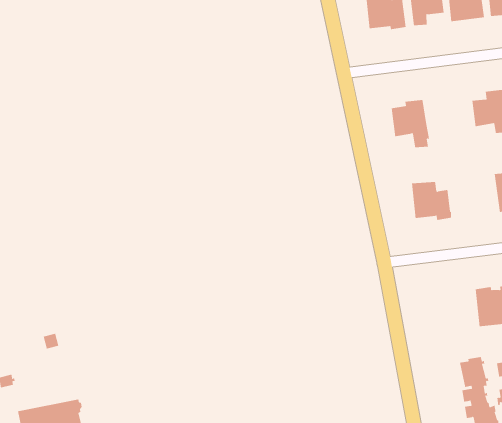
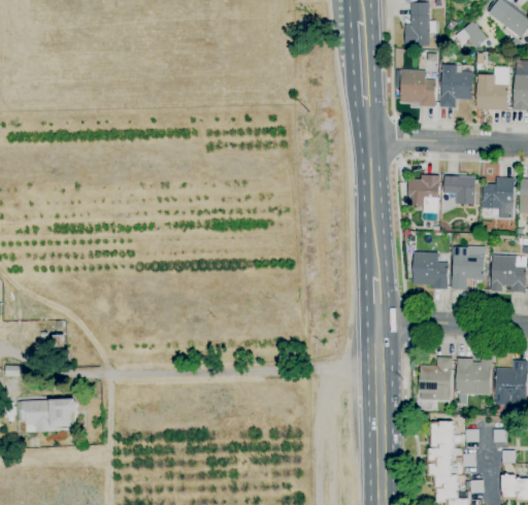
building: none -> [443,175,478,204]
building: none -> [453,246,485,290]
building: none -> [420,357,454,400]

